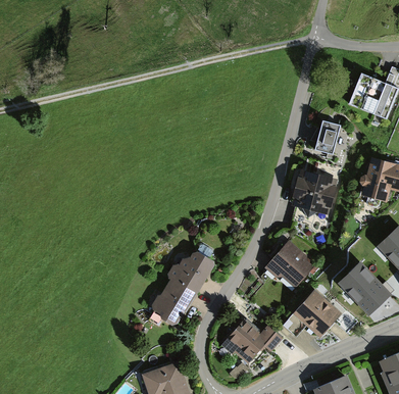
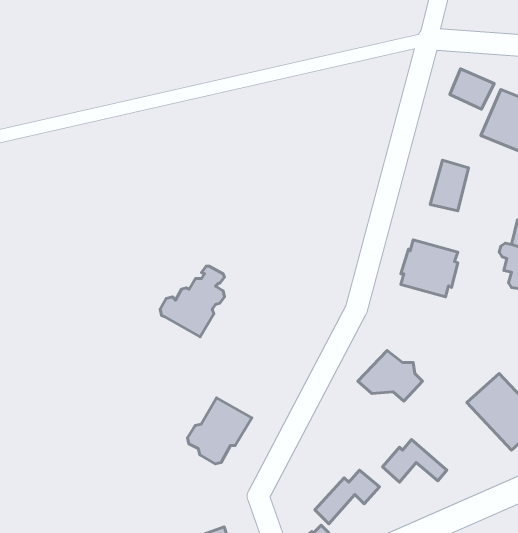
building: none -> [450,69,494,109]
building: [169,245,212,292] -> [160,266,225,337]
building: [302,293,337,327] -> none
building: [221,317,259,353] -> none

